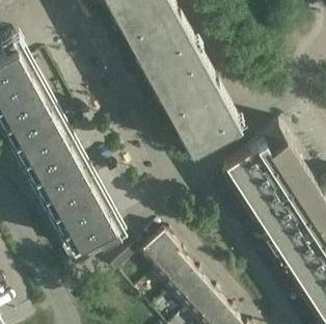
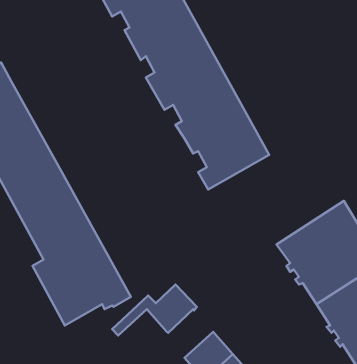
building: [228,131,306,206] -> none
building: [157,260,197,300] -> none

